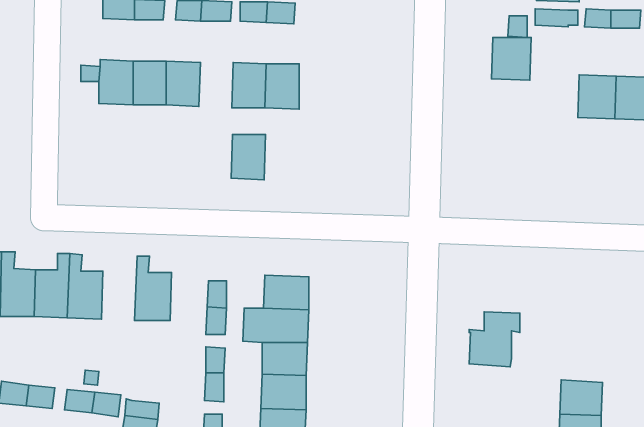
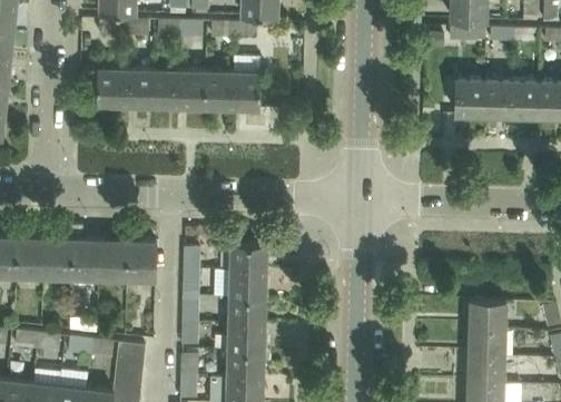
building: [491,38,531,80] -> [453,81,485,116]
building: [231,134,265,180] -> [177,71,205,108]
building: none -> [98,227,127,281]
building: [469,312,520,367] -> [471,286,512,331]

